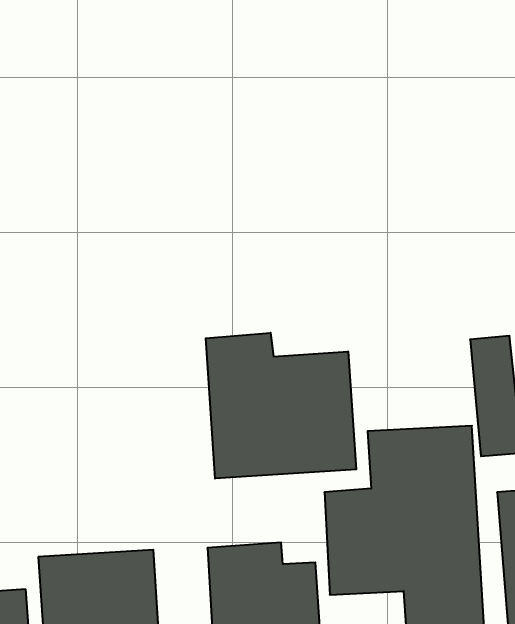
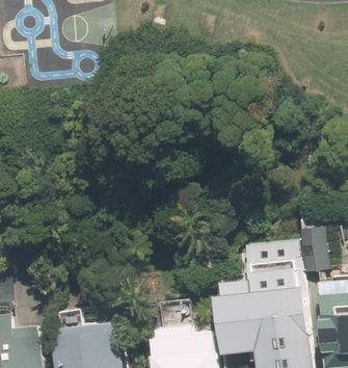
building: [206,333,356,479] -> none

